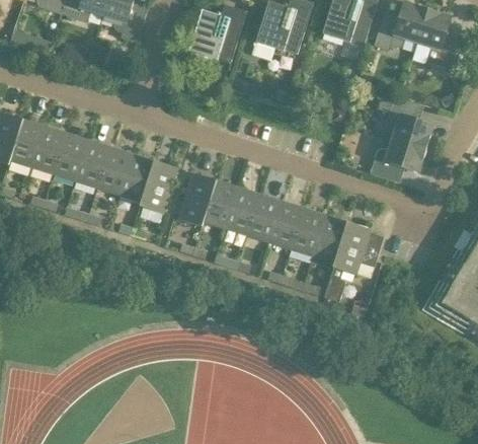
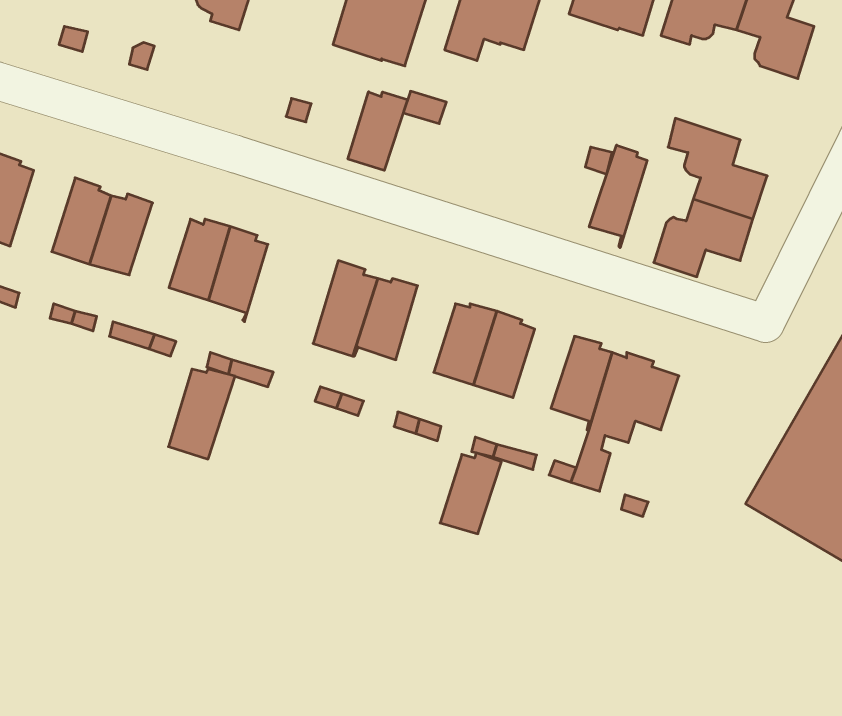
building: none -> [348,92,408,170]
building: none -> [589,145,647,248]
building: [9,121,46,167] -> none
building: [76,140,110,188] -> none
building: [141,163,178,214] -> [168,369,235,459]
building: [226,187,259,235] -> none
building: [292,210,326,255] -> [440,453,501,534]

